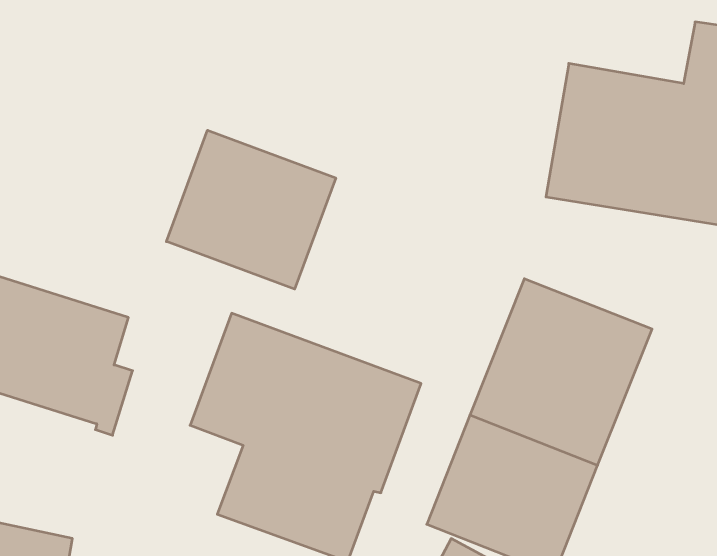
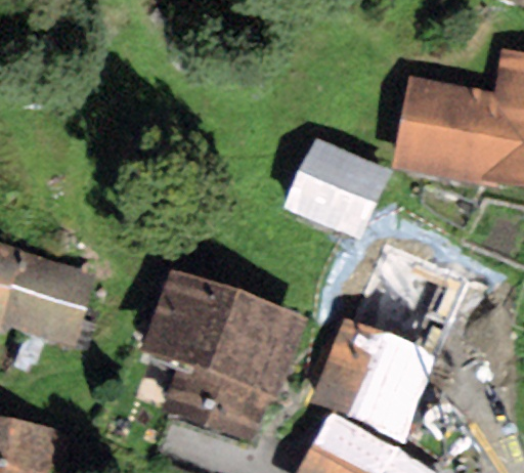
building: [166,130,336,289] -> none
building: none -> [282,144,393,254]

